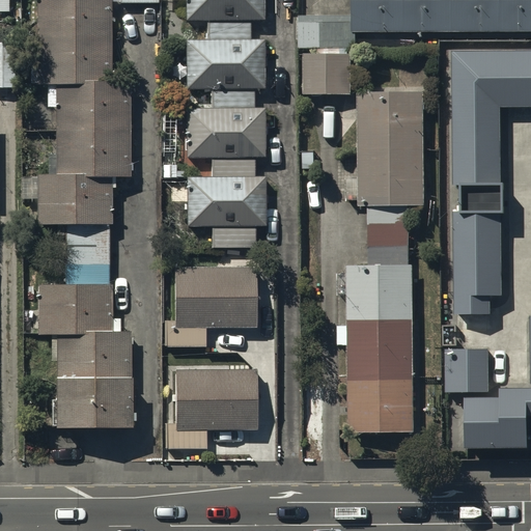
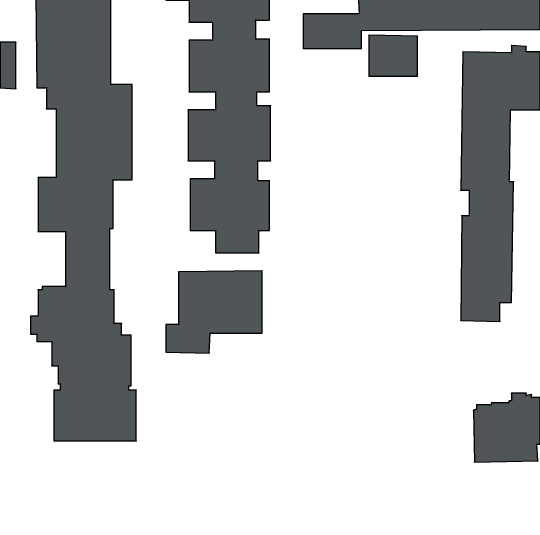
building: [304,53,352,93] -> [369,35,417,76]
building: [337,91,424,431] -> none
building: [446,347,488,392] -> none
building: [164,369,257,448] -> none

